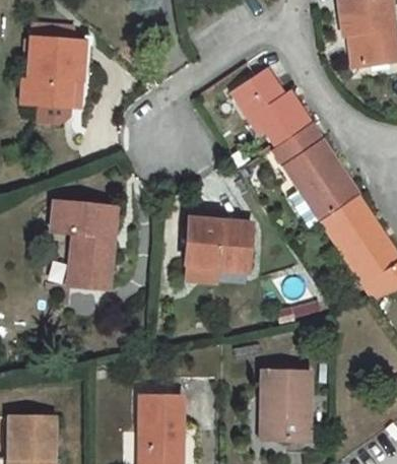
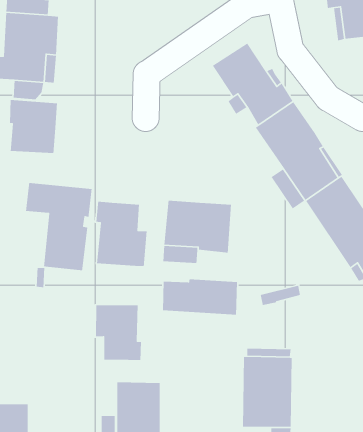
building: none -> [9,99,58,154]
building: none -> [95,201,148,267]
building: none -> [162,278,238,315]
building: none -> [95,305,142,361]

